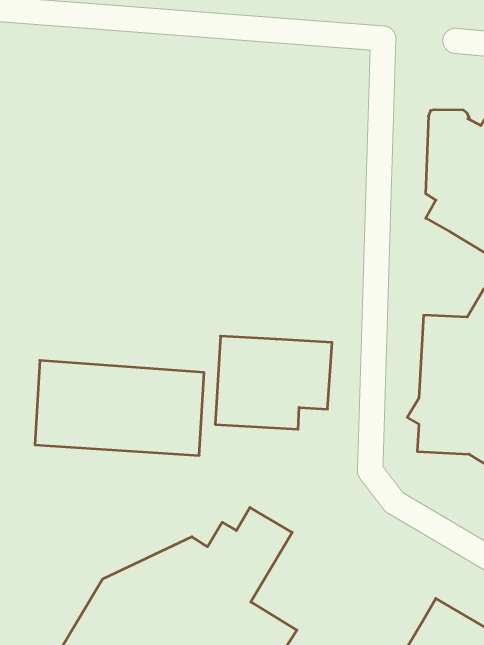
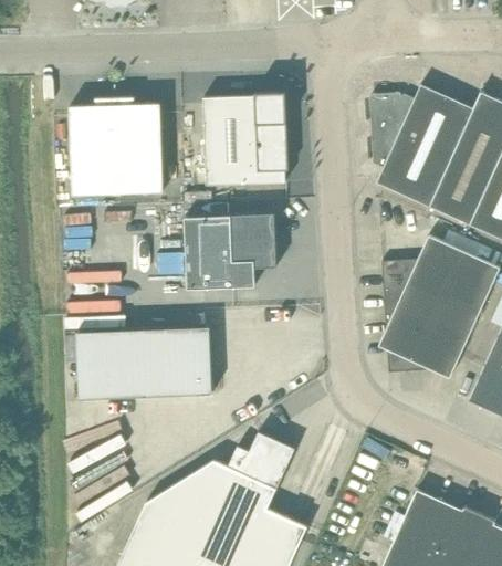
building: none -> [70,97,164,196]
building: none -> [203,92,289,186]
building: [215,336,332,429] -> [185,213,278,290]

